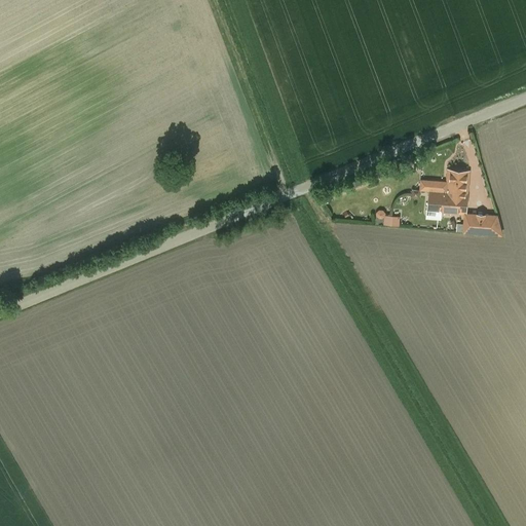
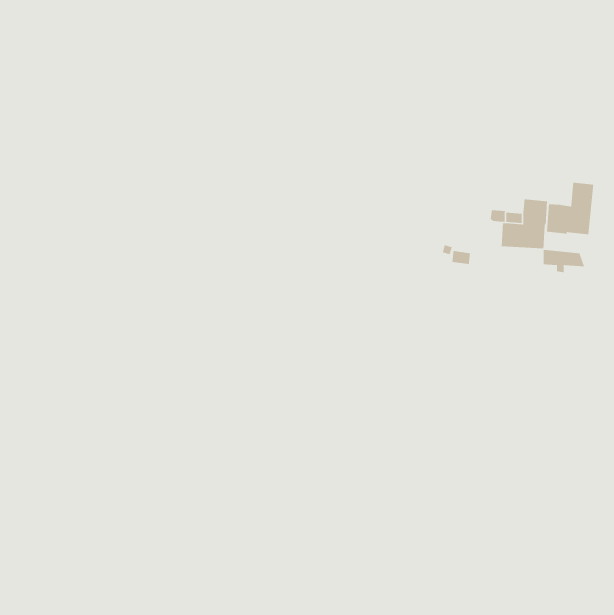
building: none -> [546,182,594,235]

